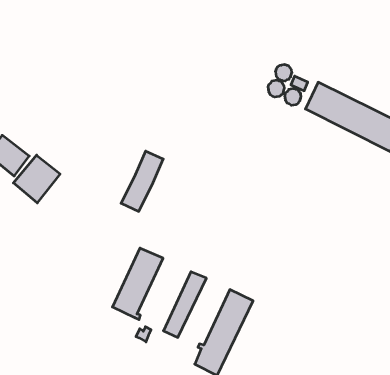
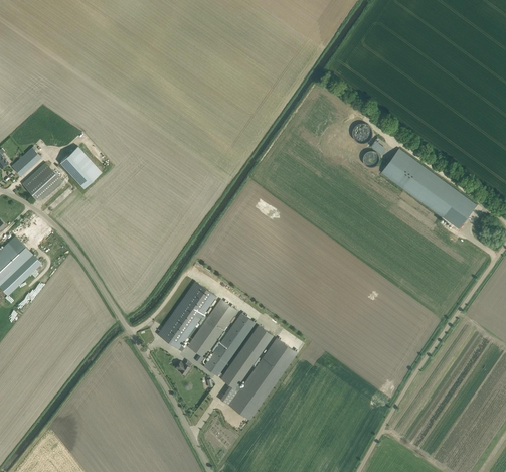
building: [121,151,163,211] -> [187,299,236,357]
building: [13,155,60,203] -> none
building: none -> [219,325,273,388]

